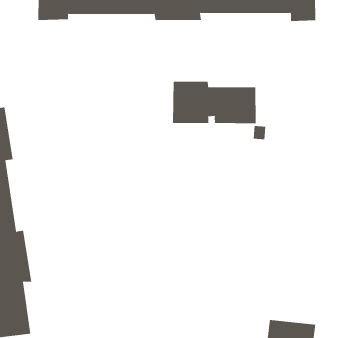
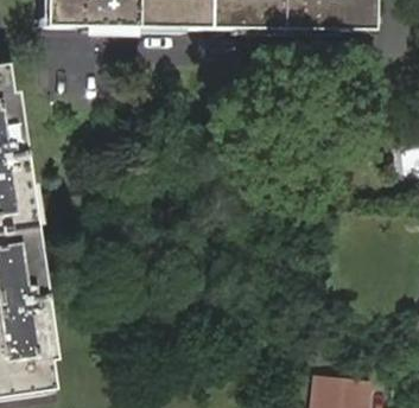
building: [173,81,256,124] -> none

